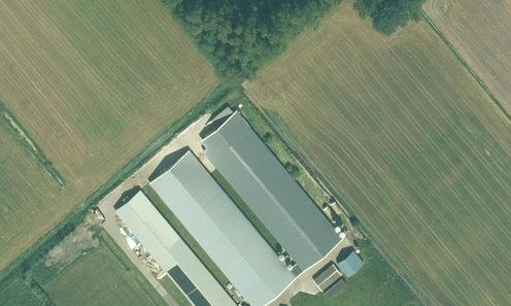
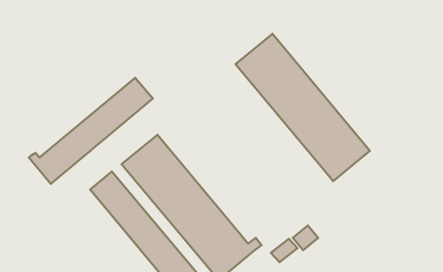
building: none -> [29,78,153,184]
building: [197,111,343,272] -> [236,34,370,181]

